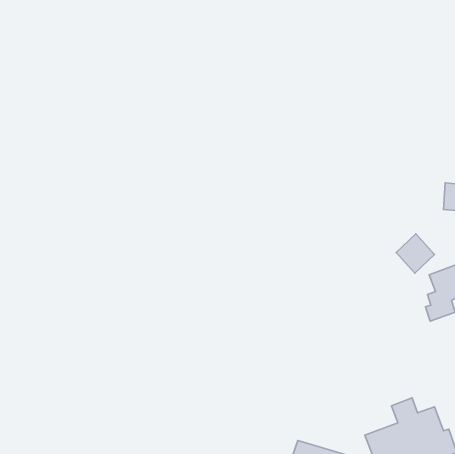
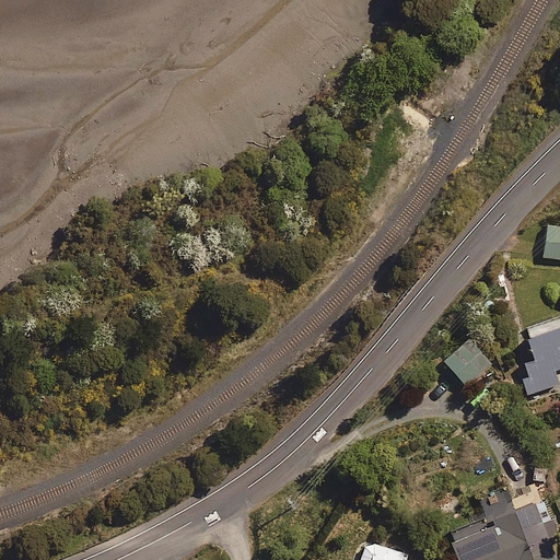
building: [396,234,435,273] -> [444,338,491,386]

